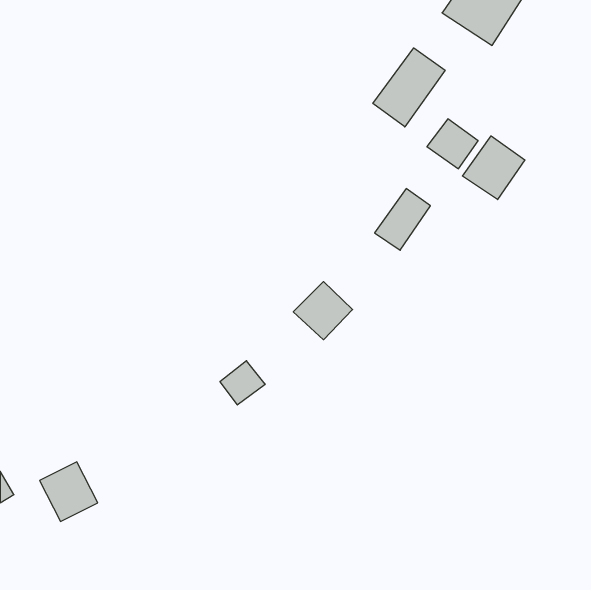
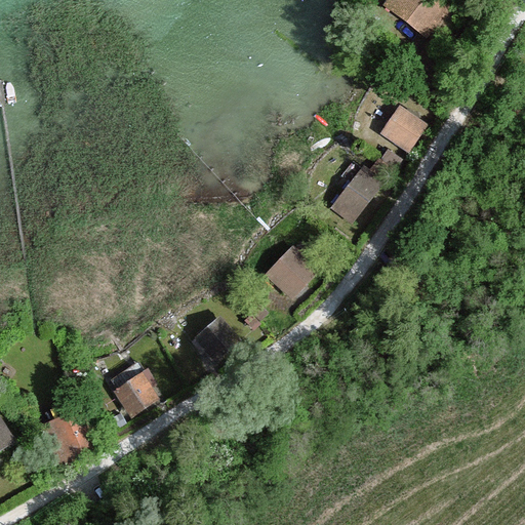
building: [373,48,445,127] -> none
building: [462,136,525,200] -> none
building: none -> [106,371,158,419]

